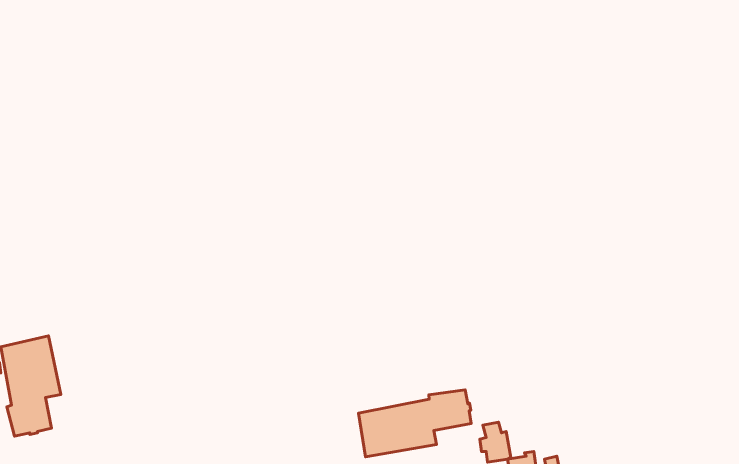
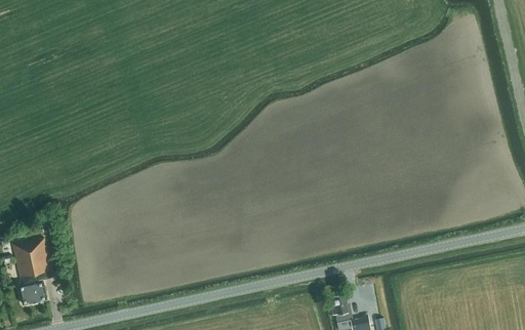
building: [359,390,471,457] -> none

